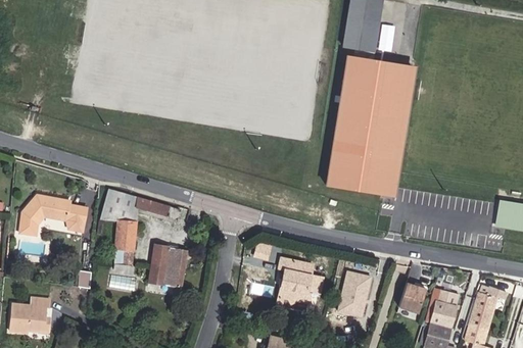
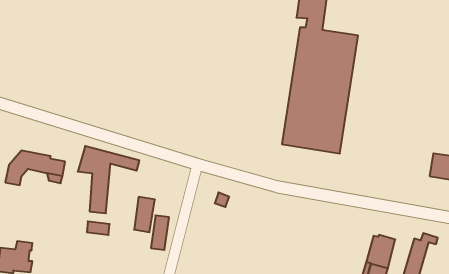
building: [148,245,169,284] -> [151,215,169,250]
building: [278,257,322,303] -> none
building: [337,268,372,316] -> none
building: [398,284,426,313] -> none

